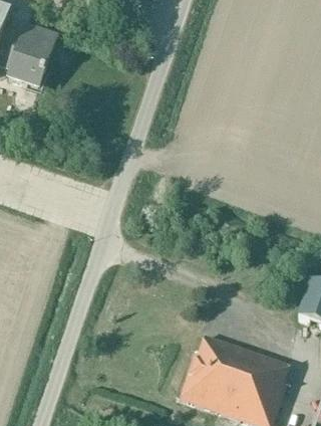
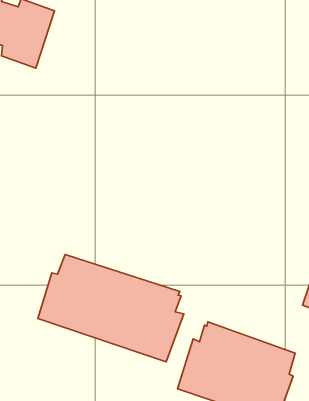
building: none -> [38,254,184,362]

